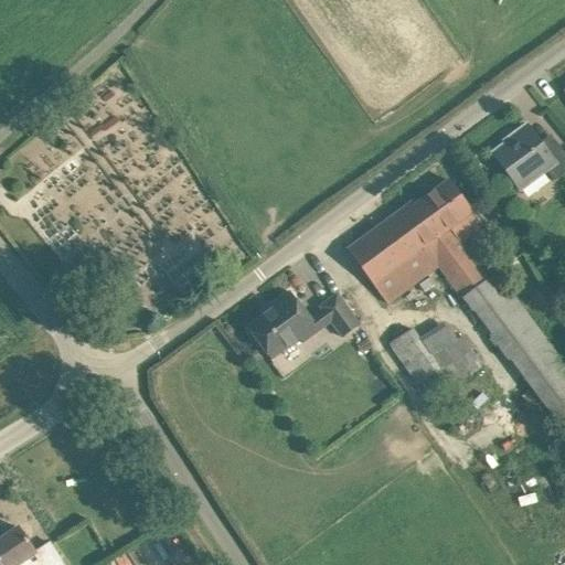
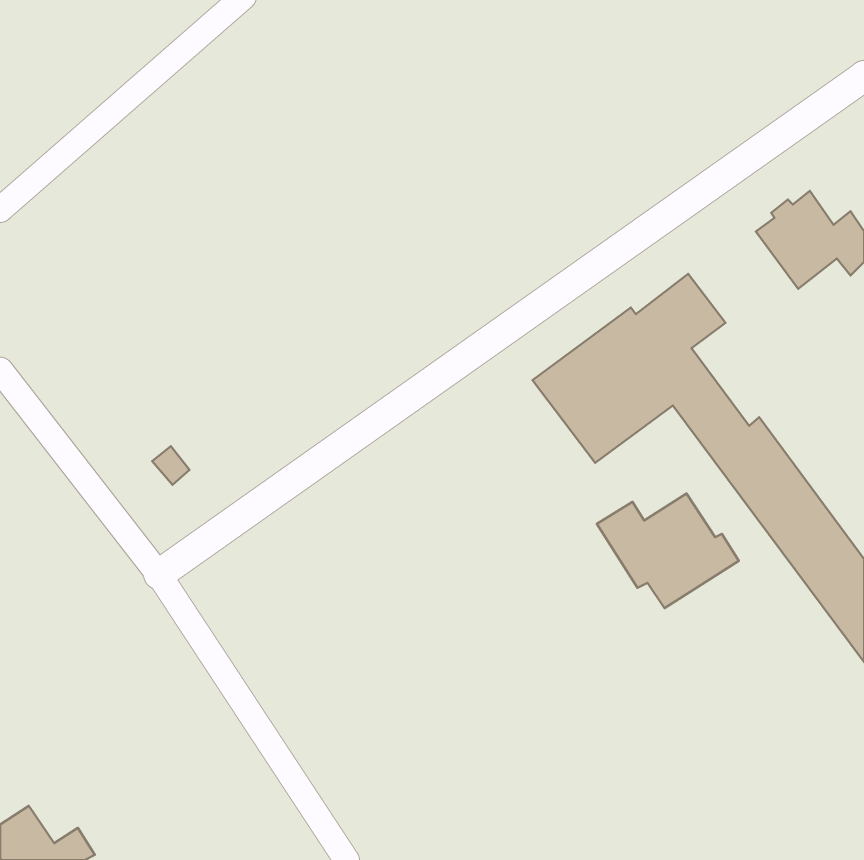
building: [248,290,316,352] -> none
building: [320,294,360,337] -> none

